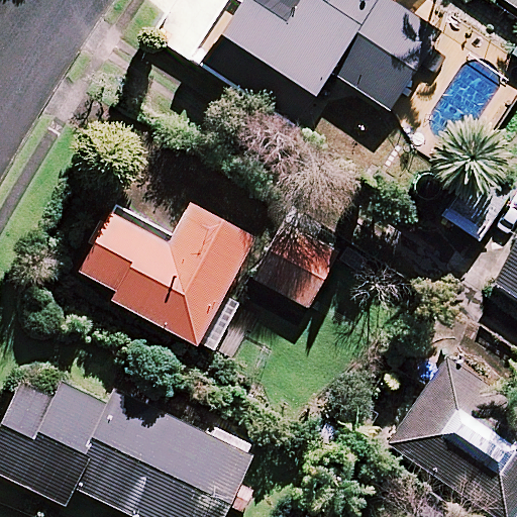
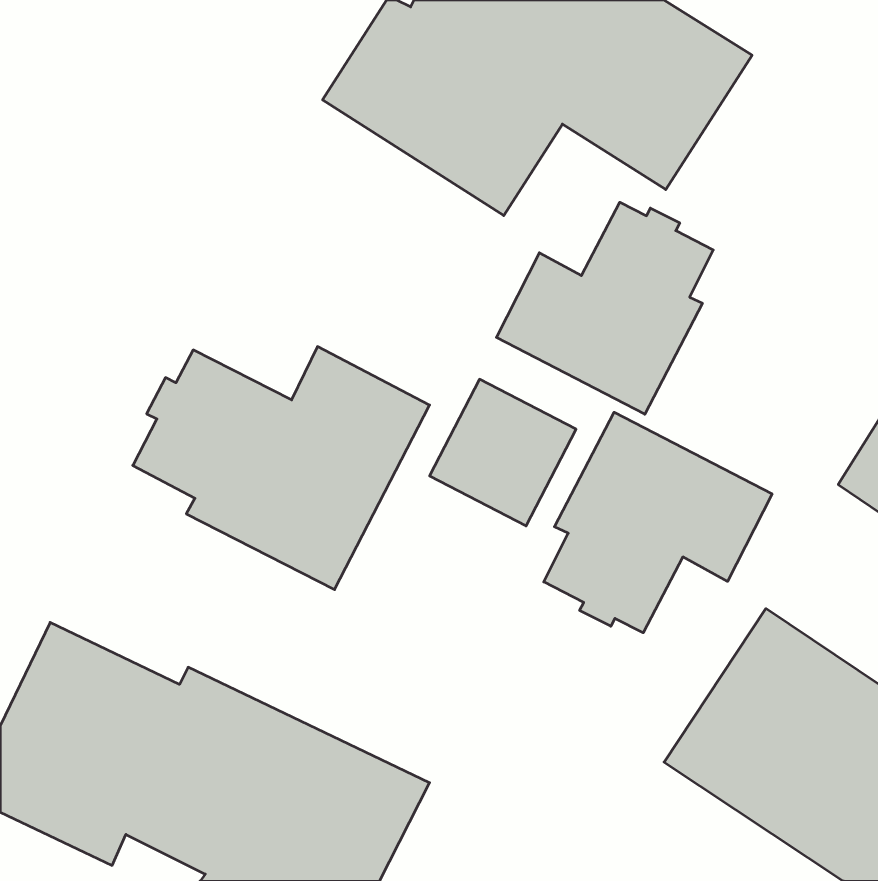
building: none -> [496,202,713,414]
building: none -> [544,412,772,633]

